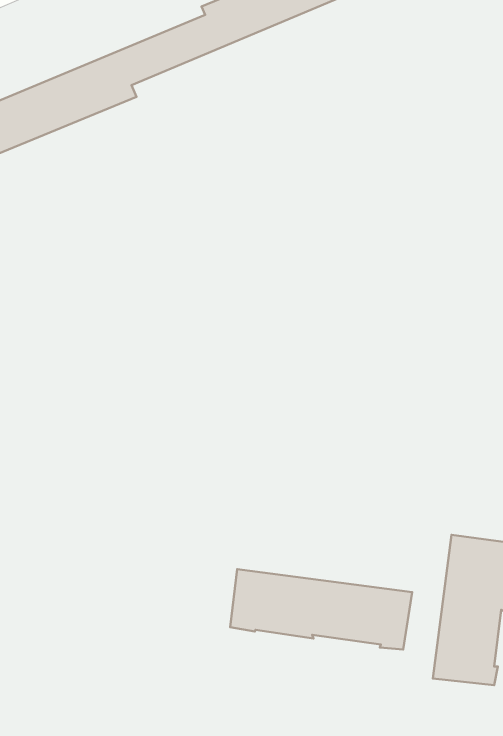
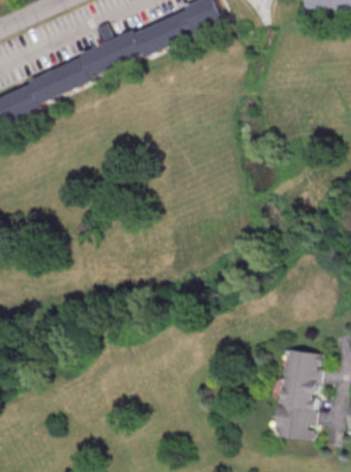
building: [230,569,412,650] -> none

